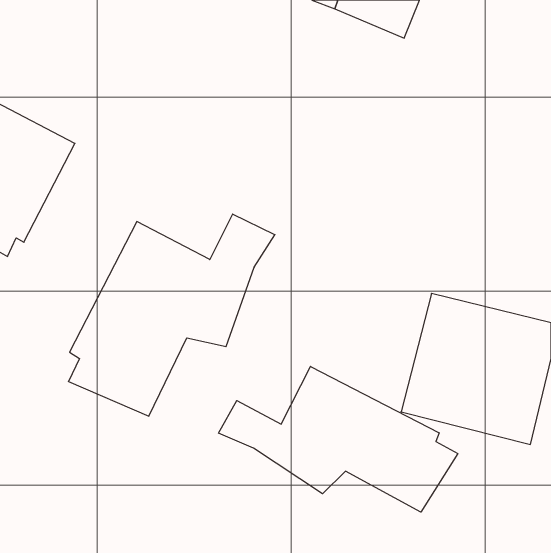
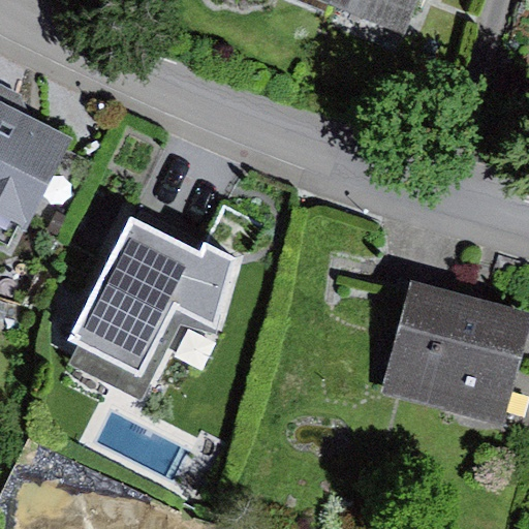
building: [219,366,458,512] -> none

